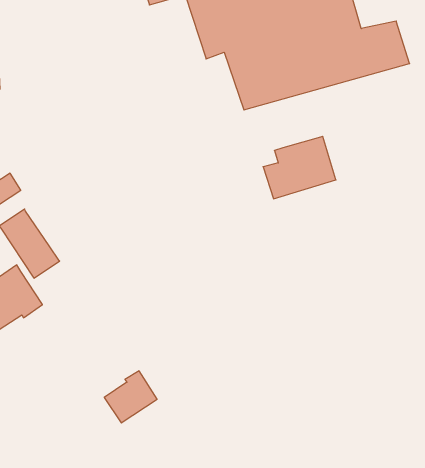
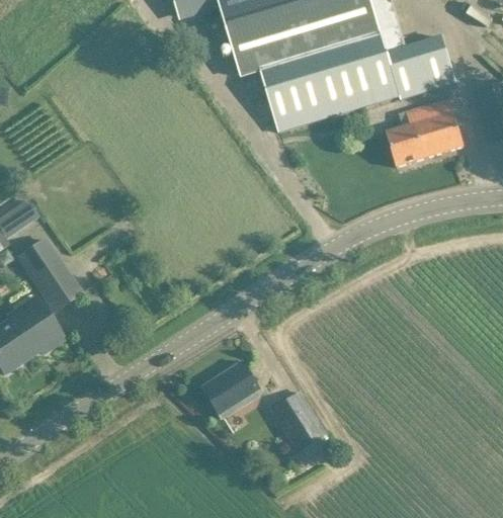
building: [263,136,336,199] -> [386,99,464,166]
building: none -> [272,392,327,451]
building: [104,371,157,423] -> [204,362,261,418]

